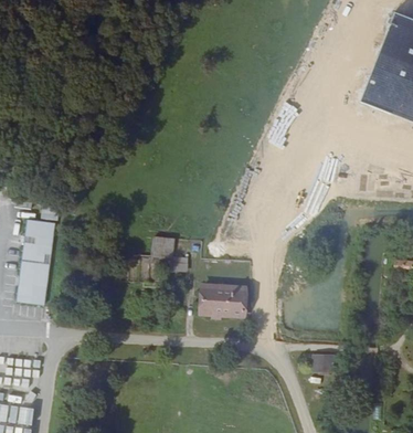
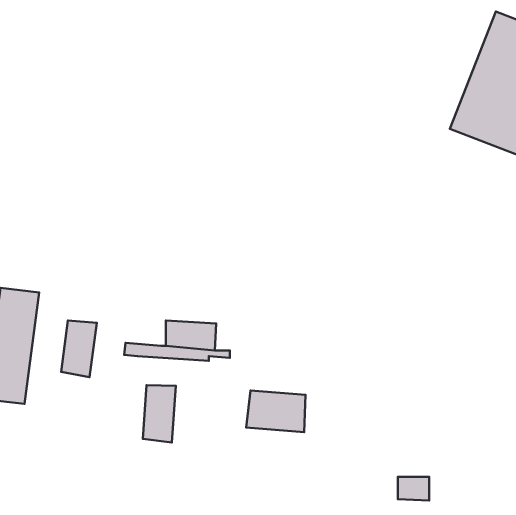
building: none -> [61,320,97,377]
building: none -> [143,385,176,442]

